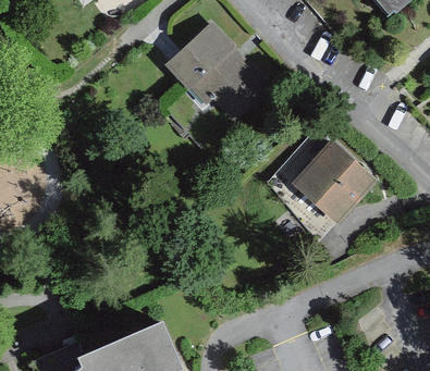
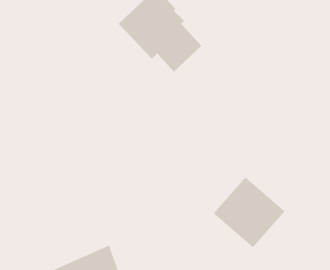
building: [294,133,380,218] -> [213,177,285,248]

